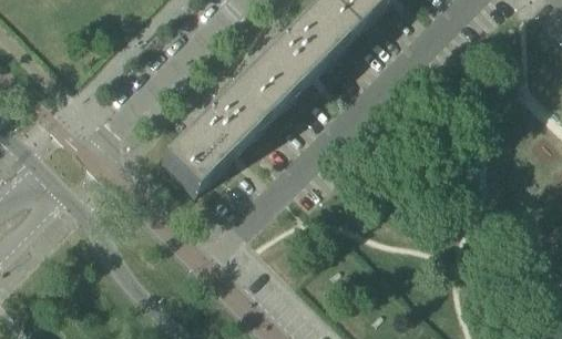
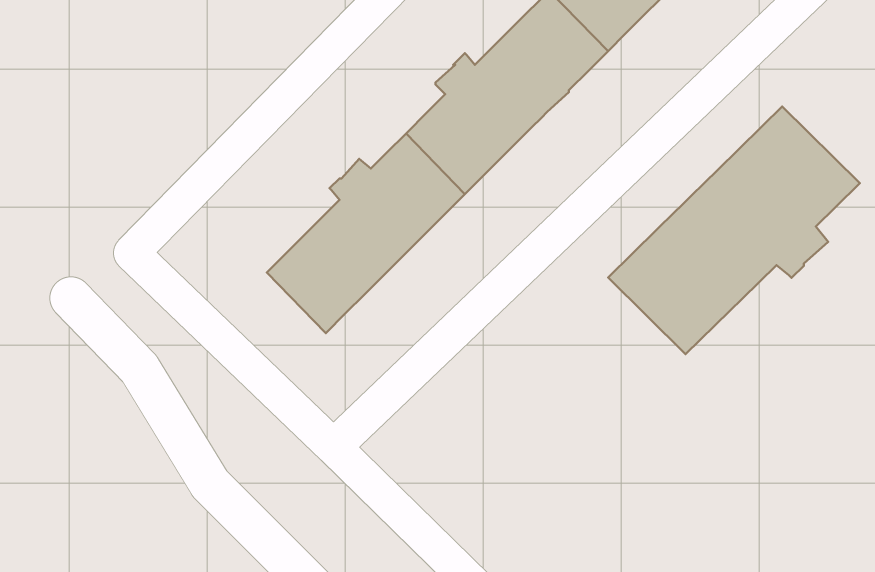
building: none -> [608,107,860,354]

